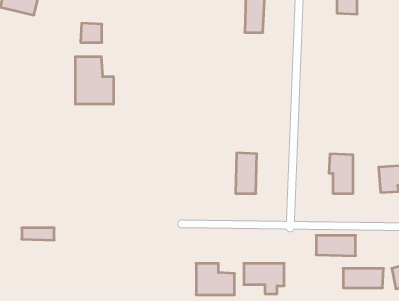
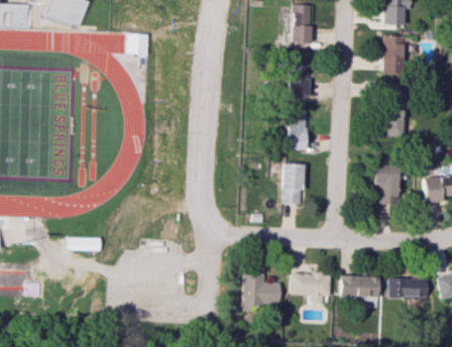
building: none -> [381,35,404,75]
building: none -> [288,60,309,98]
building: [75,57,113,104] -> none
building: none -> [378,82,404,136]
building: none -> [287,111,306,150]
building: [316,235,356,256] -> [341,276,380,297]

